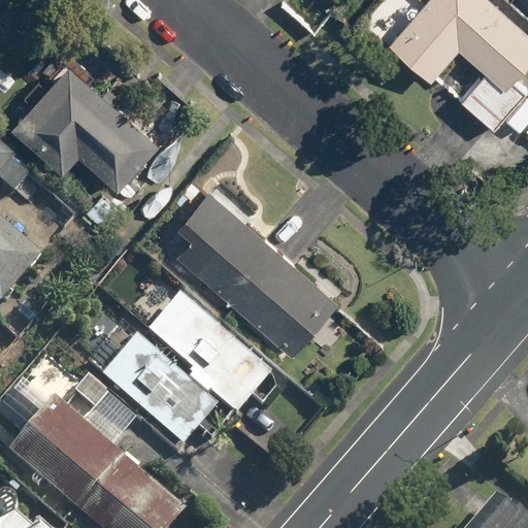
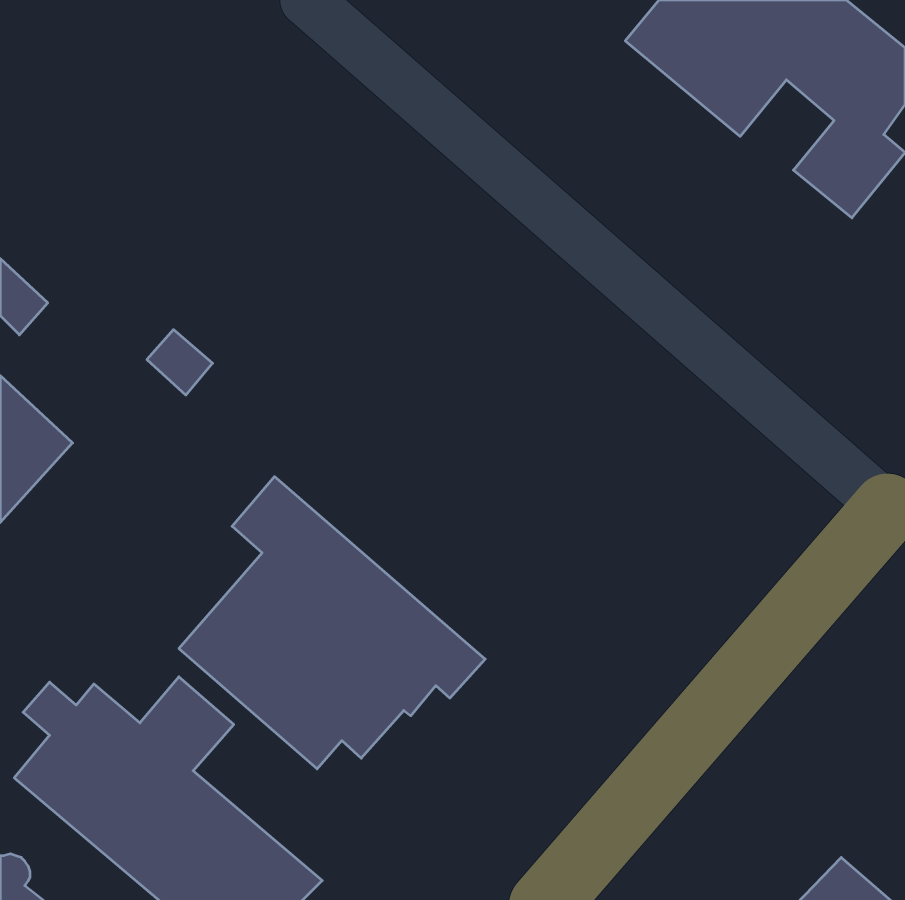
building: [10,46,160,189] -> none
building: [176,190,338,356] -> none

